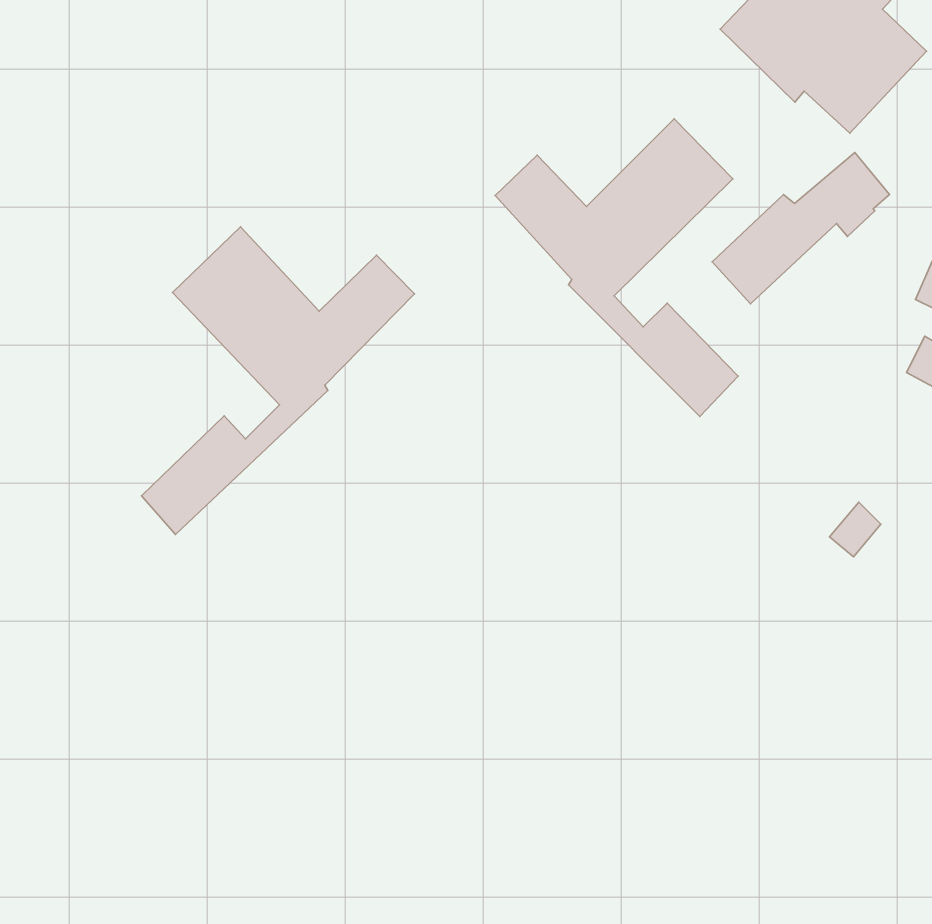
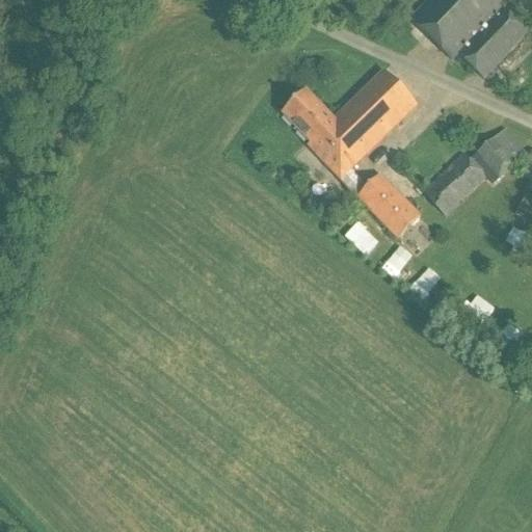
building: [712,152,889,304] -> [424,128,525,214]
building: [141,227,415,534] -> none

